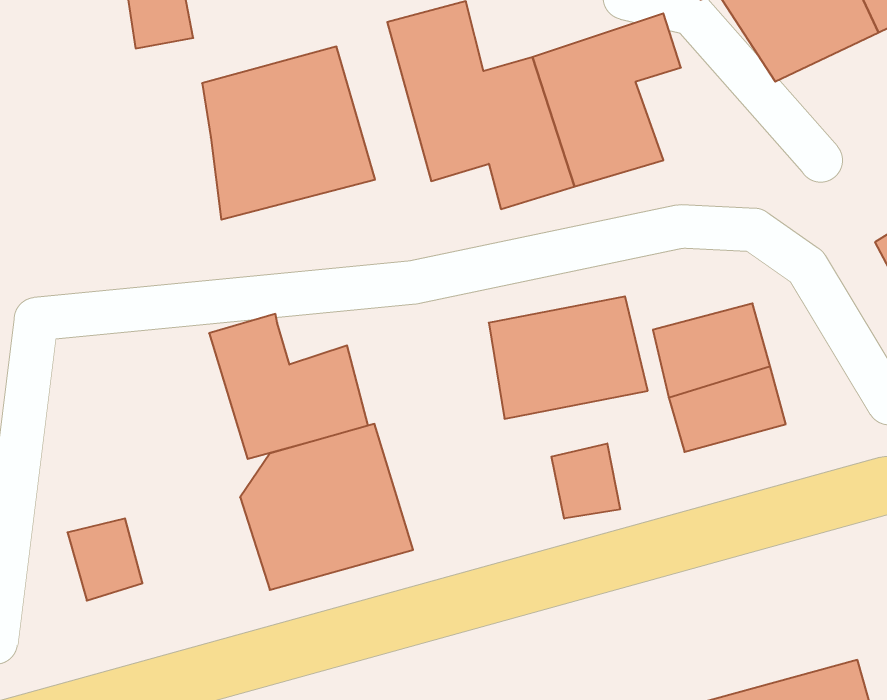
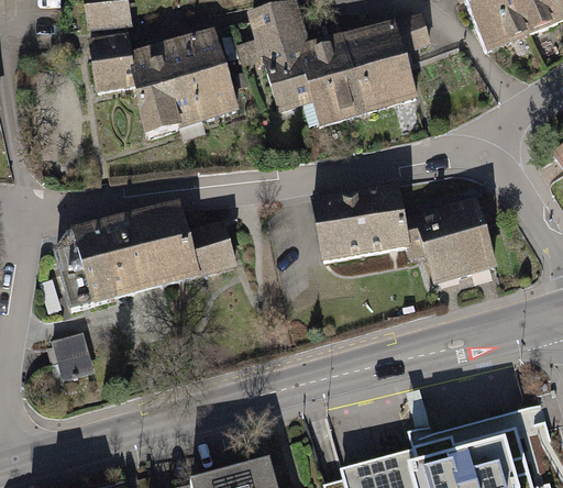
building: none -> [86,31,136,96]
building: [240,424,413,590] -> [51,211,159,315]
building: [551,443,620,519] -> none

